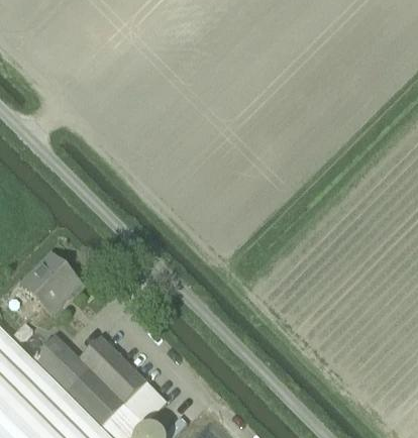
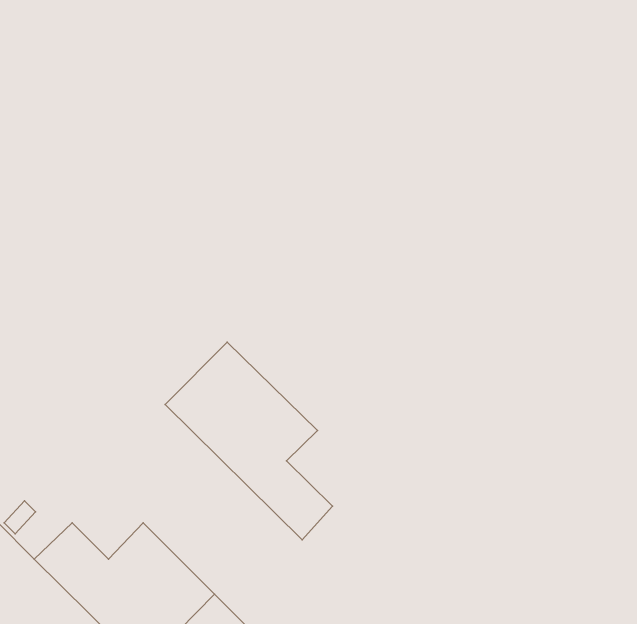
building: none -> [165,342,333,540]
building: [21,255,78,313] -> none

